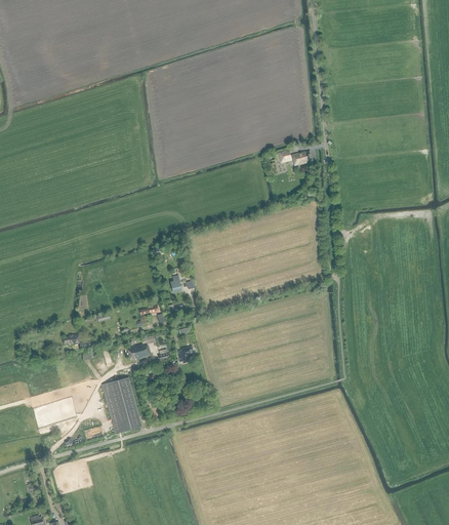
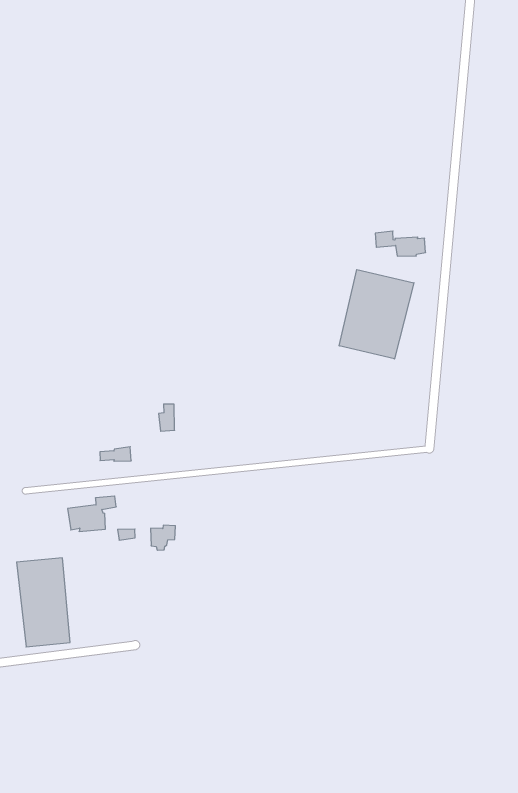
building: none -> [339,270,414,359]

